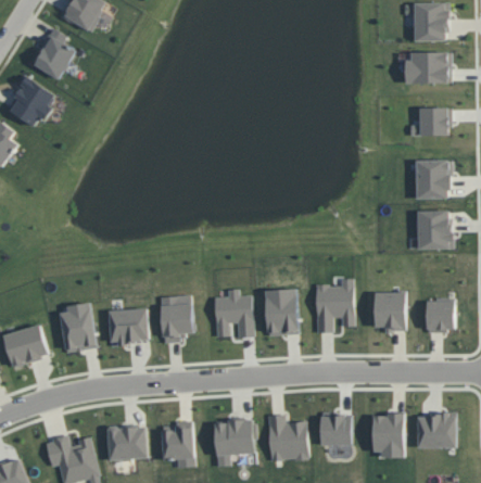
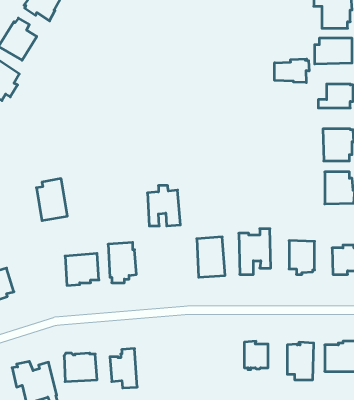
building: none -> [275,59,309,83]
building: [214,289,253,336] -> [147,186,180,226]
building: [60,302,97,352] -> [36,179,67,221]
building: [267,414,307,460] -> none
building: [214,418,256,467] -> none

